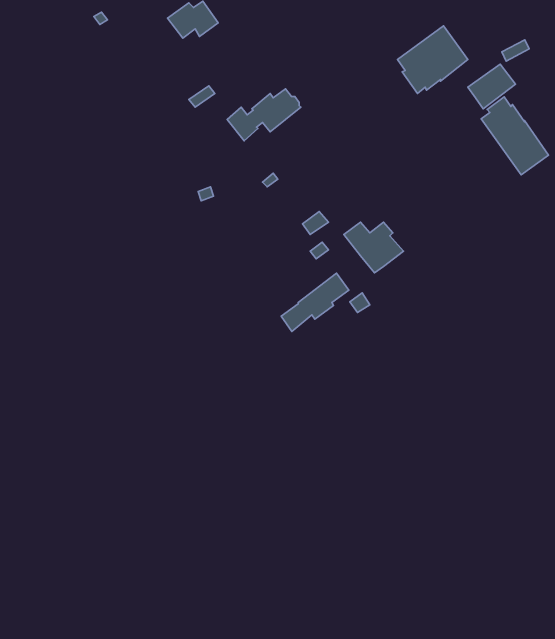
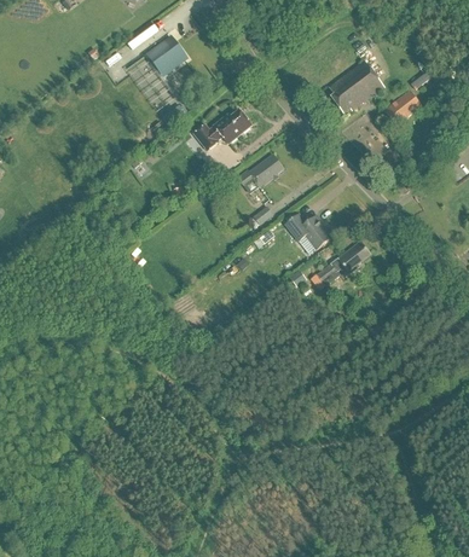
building: [481,97,548,175] -> none
building: none -> [237,153,283,192]
building: [281,273,349,332] -> [317,240,370,286]

